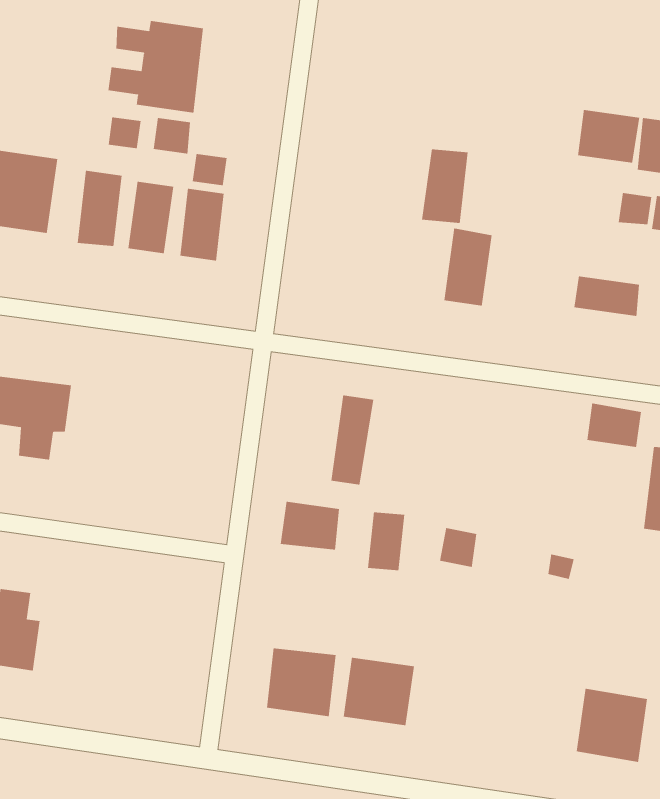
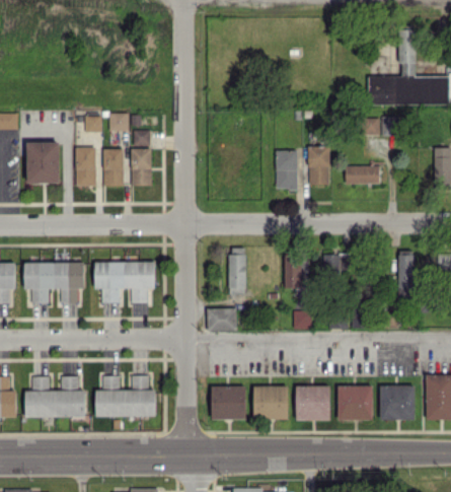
building: [108,20,204,113] -> none
building: [578,109,640,164] -> none
building: [421,149,469,223] -> [308,146,329,186]
building: none -> [94,262,155,303]
building: [586,403,642,447] -> [323,255,351,275]
building: [367,512,405,571] -> [284,258,302,289]
building: none -> [95,376,156,417]
building: none -> [296,386,330,421]
building: none -> [337,386,373,421]

